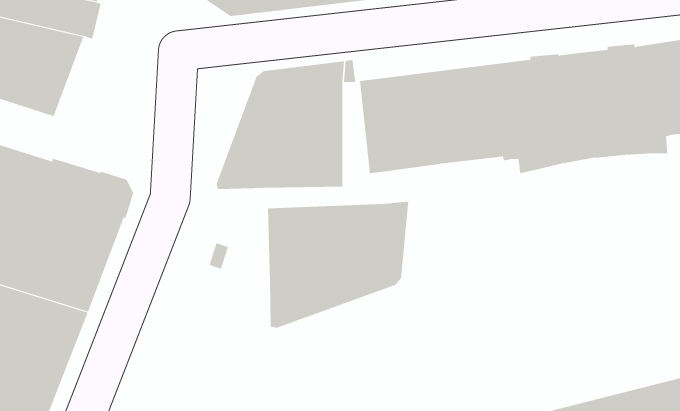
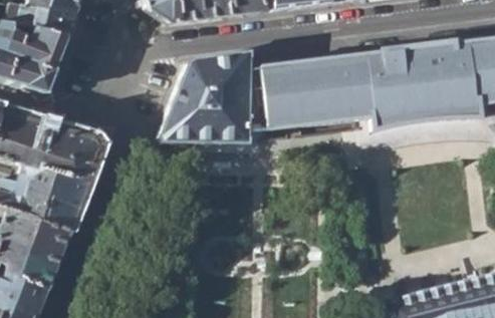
building: [267,201,409,328] -> none

